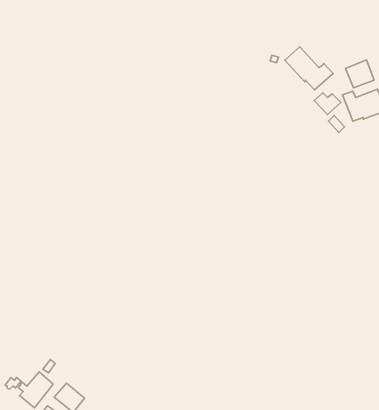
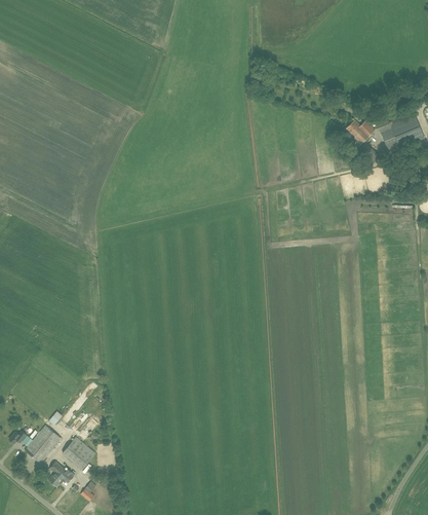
building: [285,47,333,90] -> none
building: [345,60,374,88] -> none

